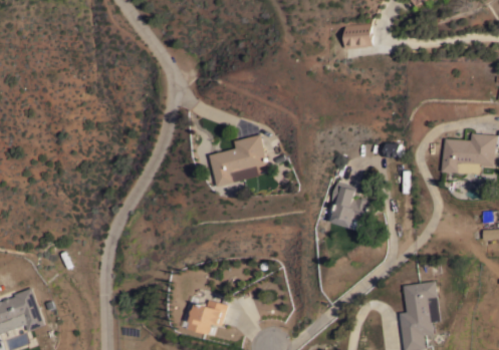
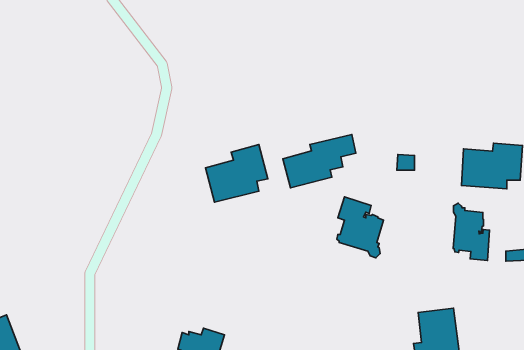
building: [341,24,372,49] -> none
building: none -> [283,135,356,188]
building: none -> [453,203,489,260]

